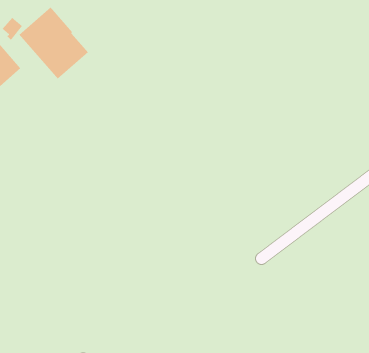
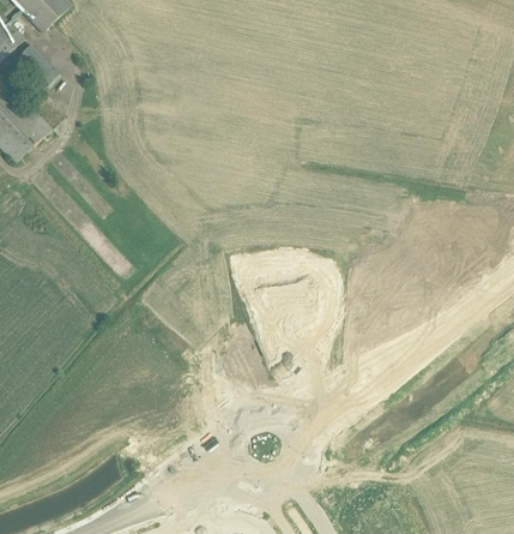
building: [18,6,89,79] -> none

